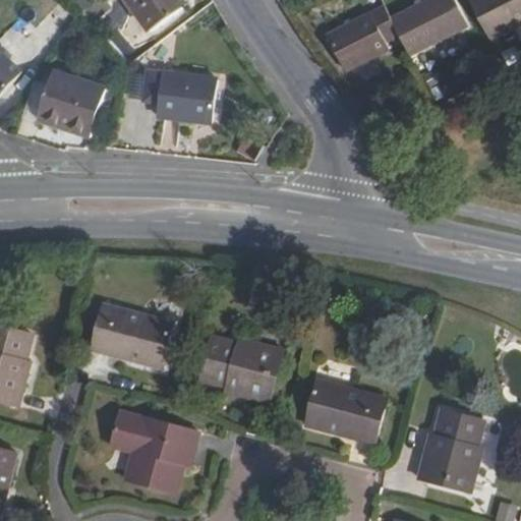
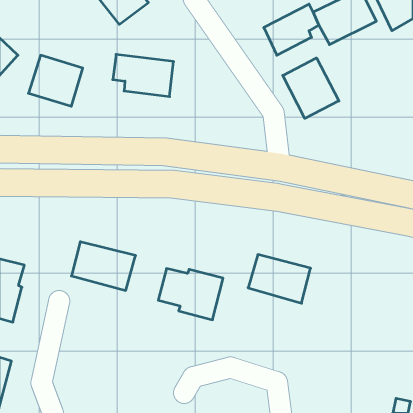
building: none -> [283,58,339,118]
building: [305,382,384,443] -> [248,255,311,303]
building: [110,410,196,491] -> none
building: [417,410,481,490] -> none

